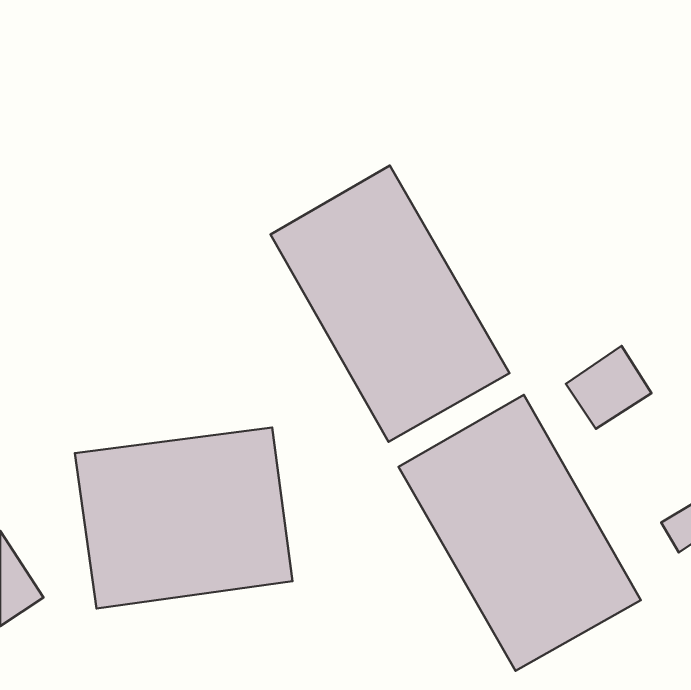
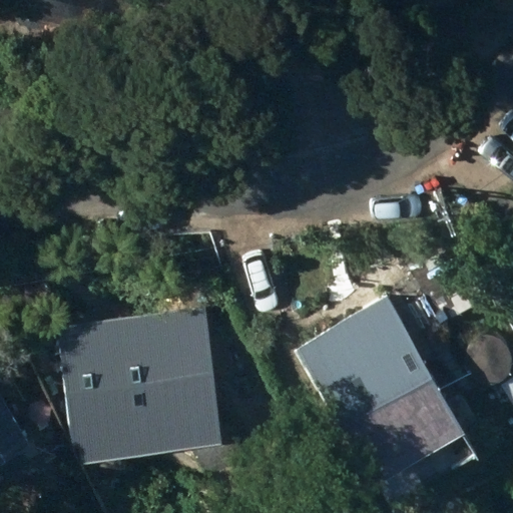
building: [270,165,510,442] -> none

